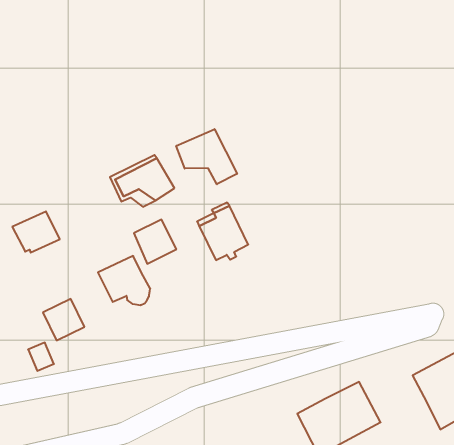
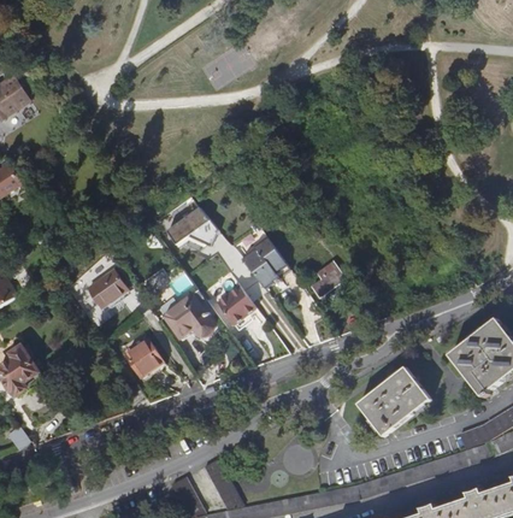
building: [176,129,237,184] -> none
building: [134,220,176,264] -> [218,283,256,323]
building: none -> [309,261,343,298]

